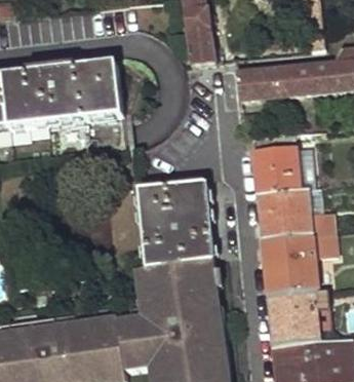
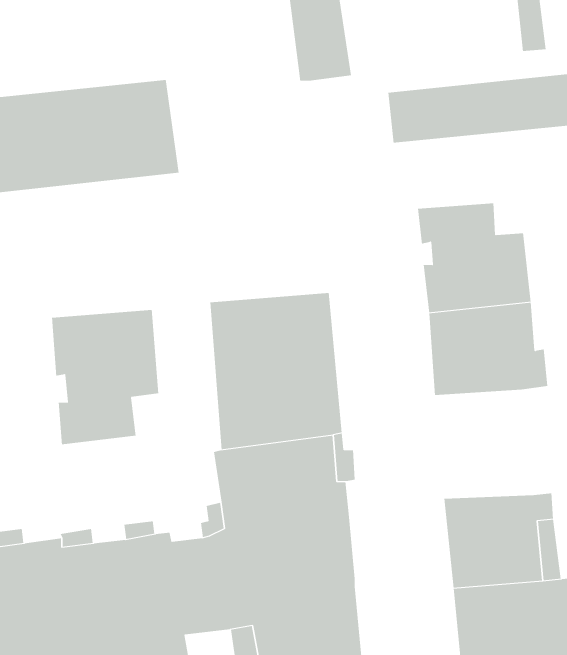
building: none -> [51,309,159,445]
building: [263,235,317,295] -> none

